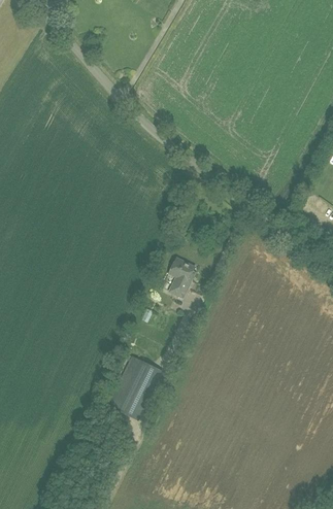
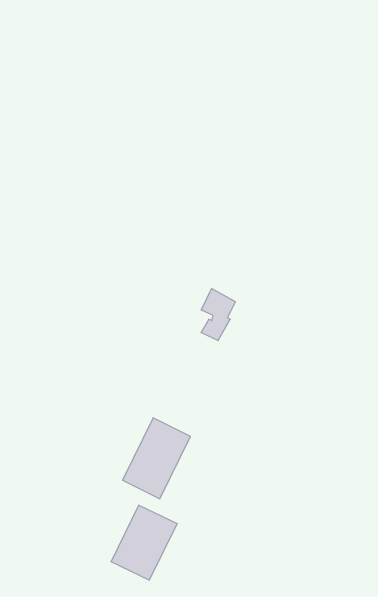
building: none -> [111,505,177,580]

